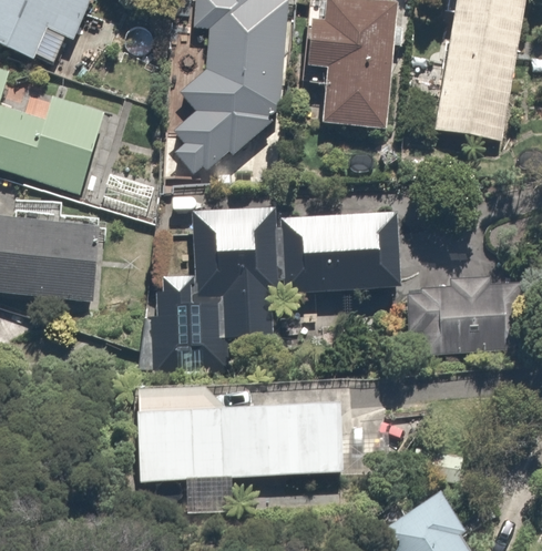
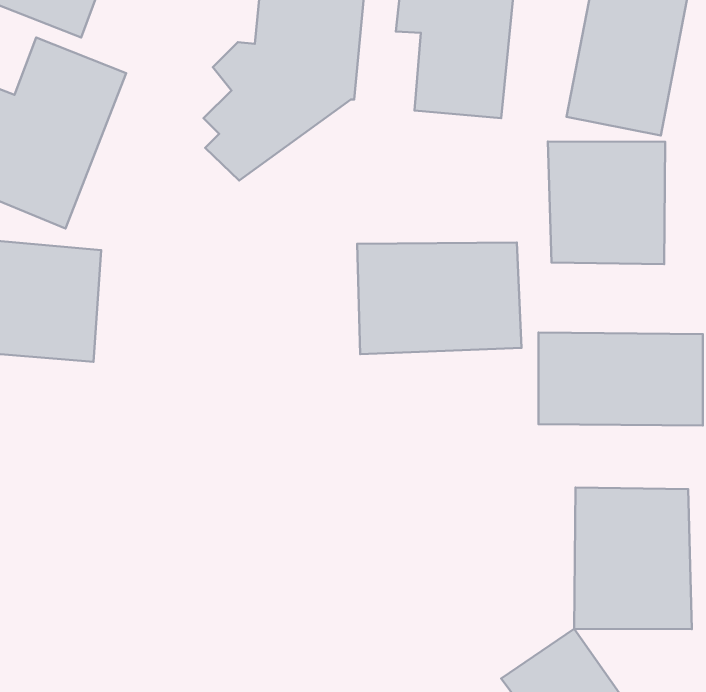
building: none -> [548,142,665,264]
building: [155,212,283,369] -> none
building: [134,384,361,475] -> none
building: none -> [574,488,692,629]

